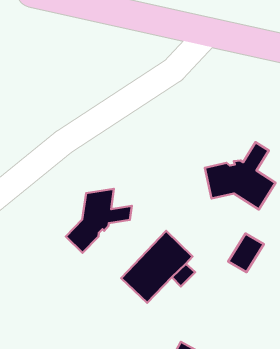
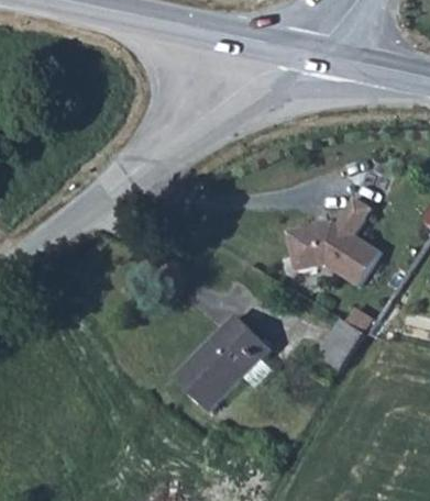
building: [66,189,132,253] -> none

